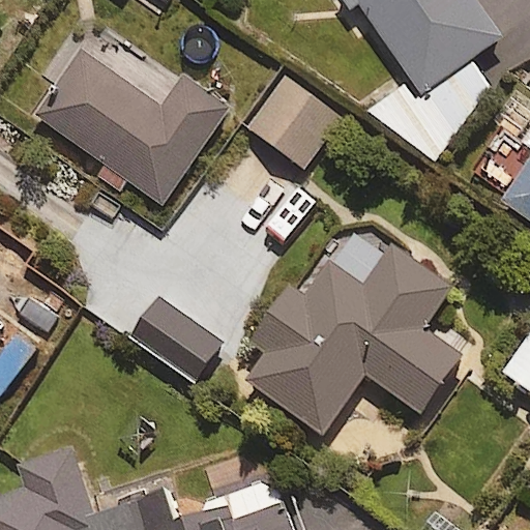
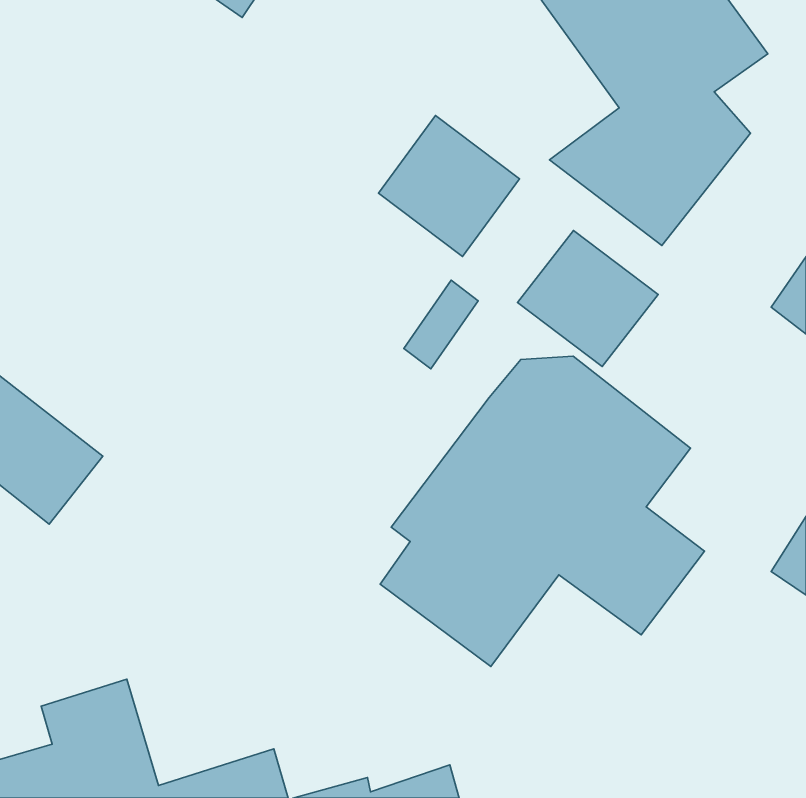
building: [35,25,226,203] -> none
building: none -> [518,231,658,366]
building: [131,297,220,379] -> none

